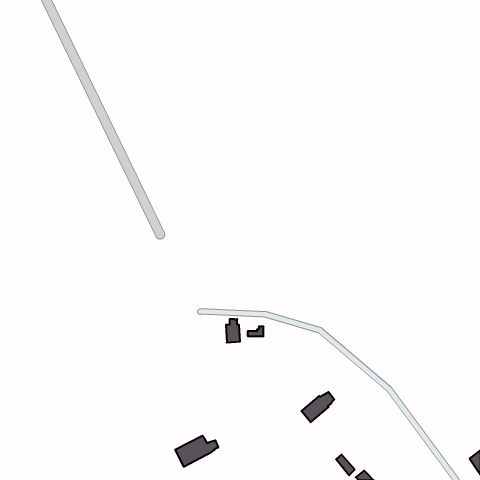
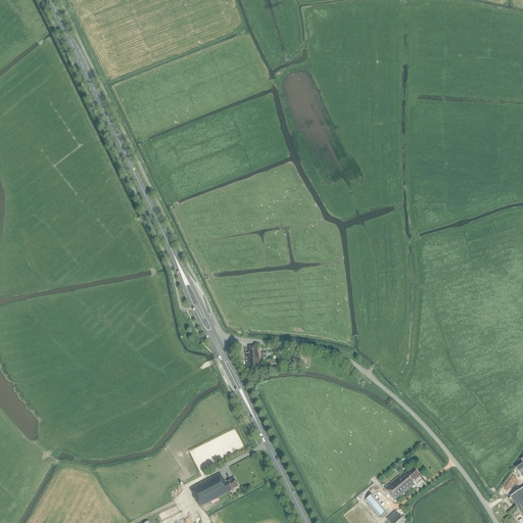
building: [301,392,334,422] -> [385,467,421,500]

